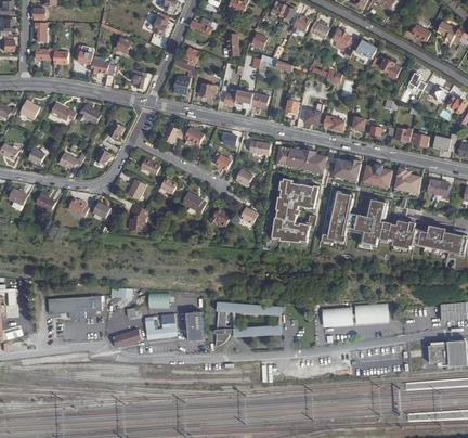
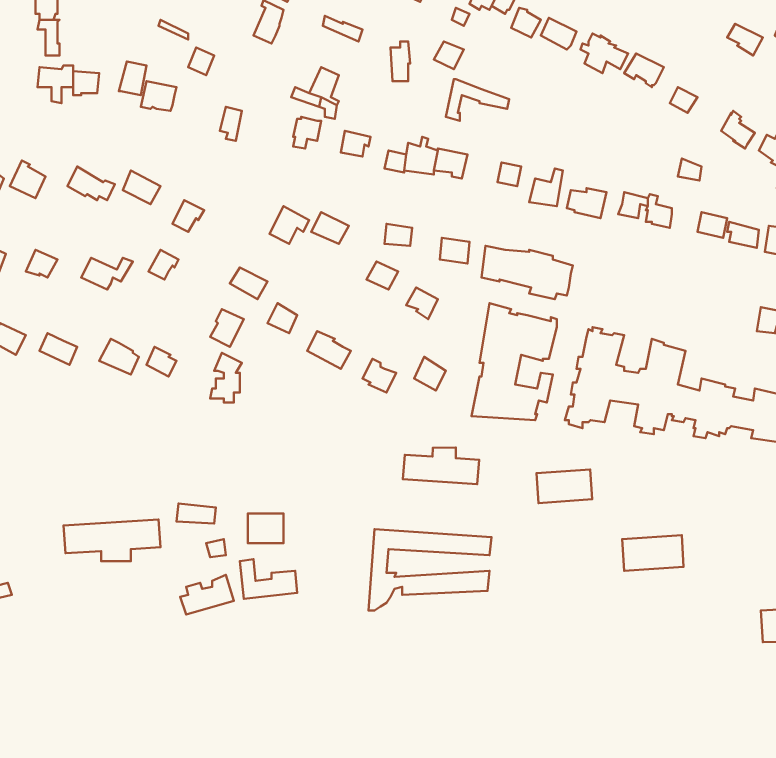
building: [334,158,361,182] -> none
building: [363,164,392,189] -> none
building: [393,166,420,195] -> none
building: none -> [403,448,479,484]
building: [322,307,352,325] -> [537,469,592,503]
building: [188,309,206,338] -> none

